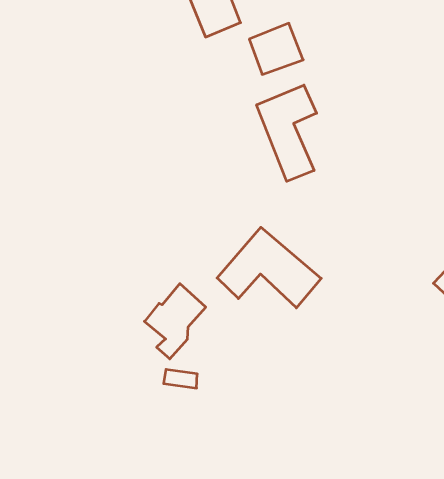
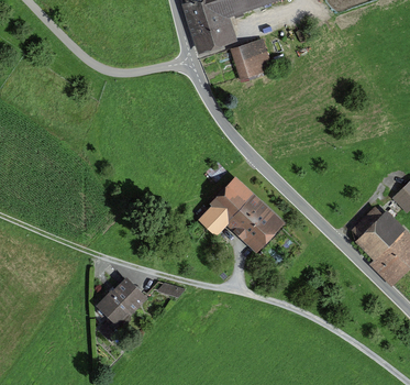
building: [257,85,317,181] -> none
building: [144,284,206,359] -> [100,278,144,331]

